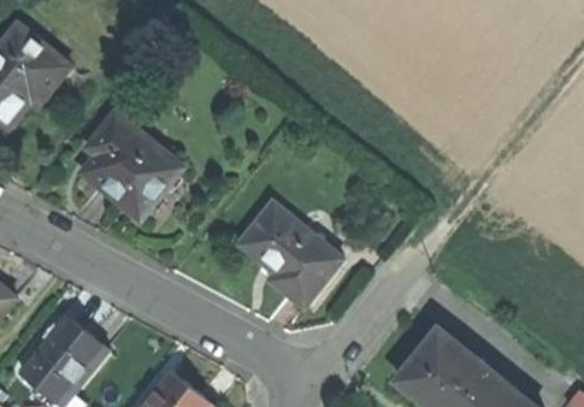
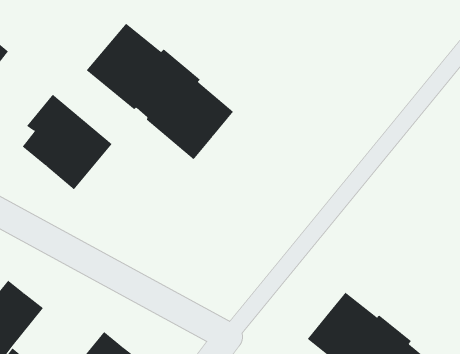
building: none -> [86,23,234,160]
building: [238,202,341,306] -> none

